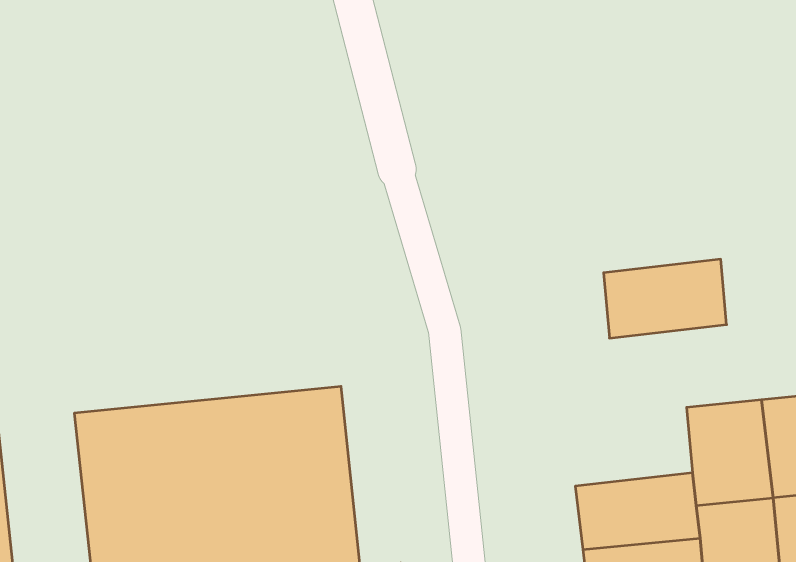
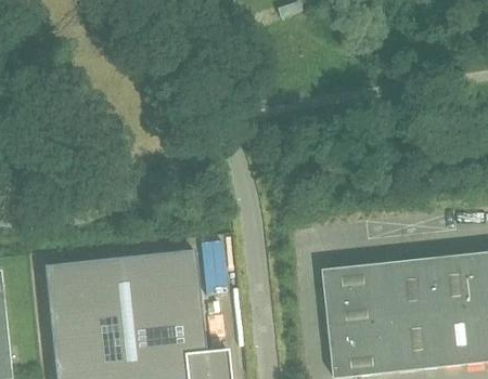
building: [604,259,727,338] -> [323,262,393,306]

